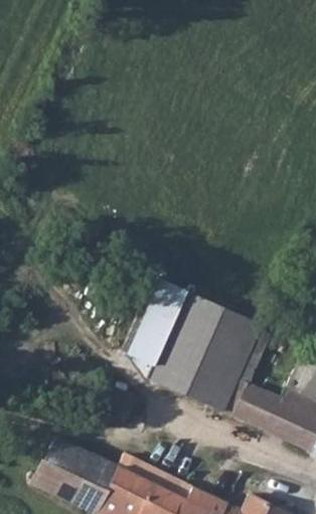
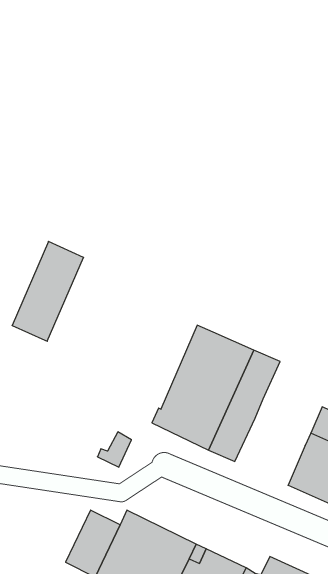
building: [125,277,188,365] -> [12,241,84,341]
building: [221,373,284,433] -> none
building: [37,439,94,501] -> none

